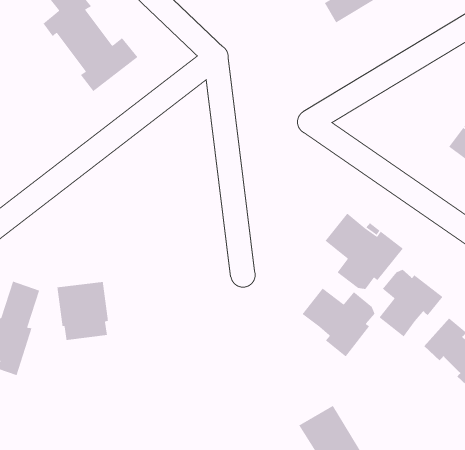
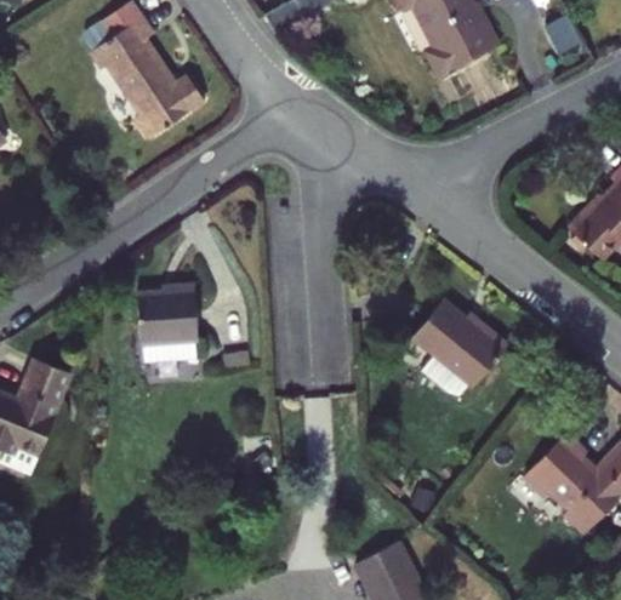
building: [379,269,443,337] -> none
building: [56,281,109,341] -> [143,286,204,355]
building: [301,287,376,357] -> none

